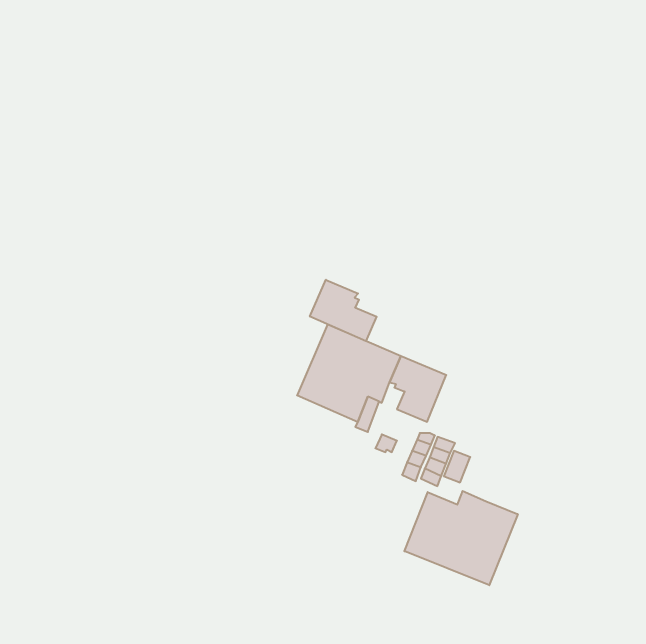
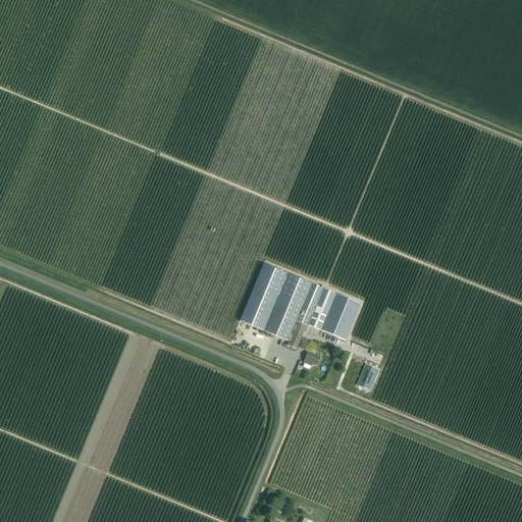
building: [310,280,377,341] -> none
building: [404,491,518,585] -> none

